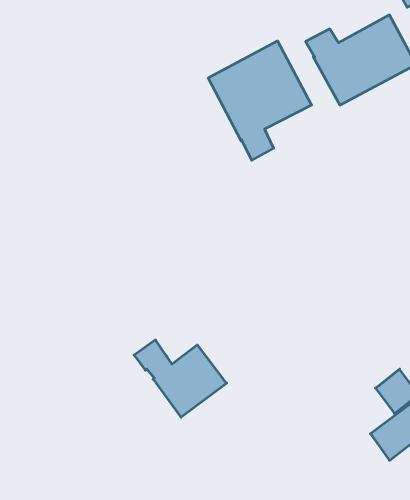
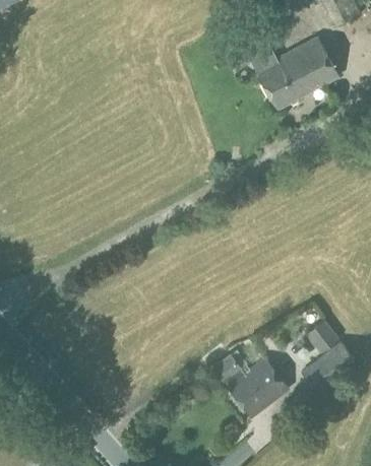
building: [208,41,312,160] -> none
building: [134,340,227,417] -> [212,355,287,417]

